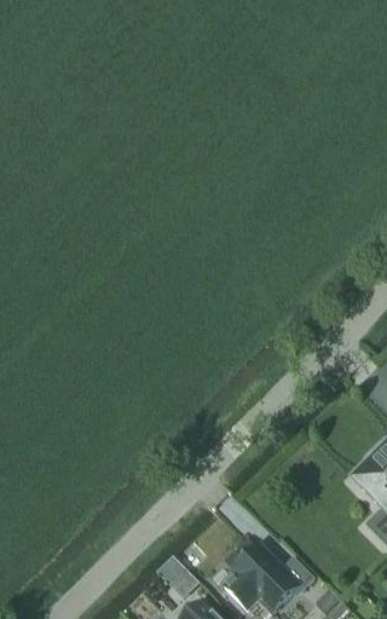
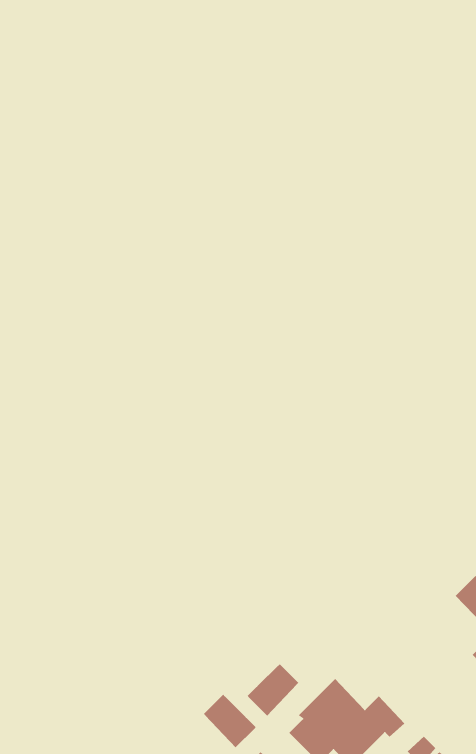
building: none -> [246,663,299,717]

